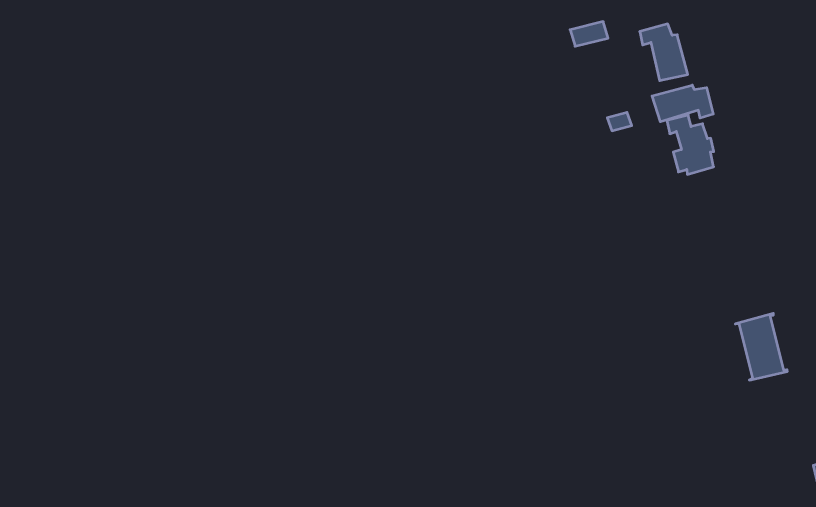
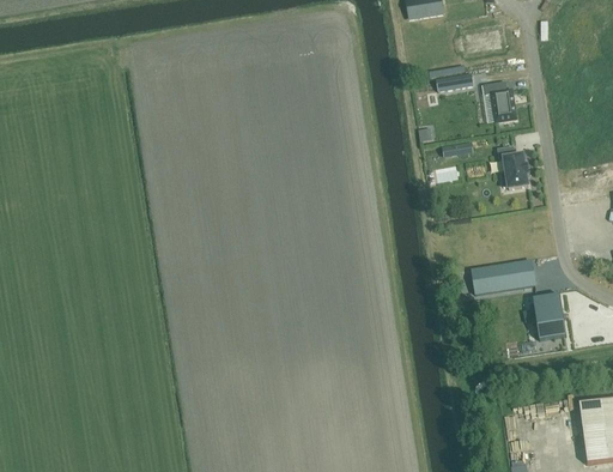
building: [652,85,713,122] -> none
building: none -> [472,259,535,294]

